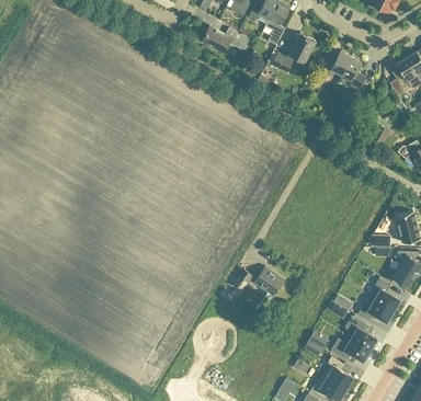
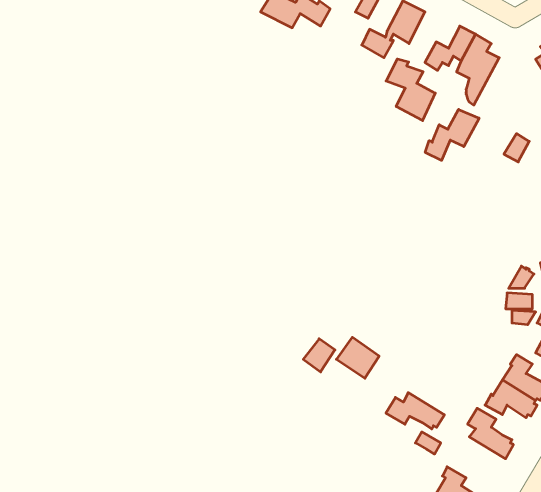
building: none -> [386,59,435,121]
building: none -> [425,109,479,160]
building: [331,336,372,362] -> [386,393,444,429]

